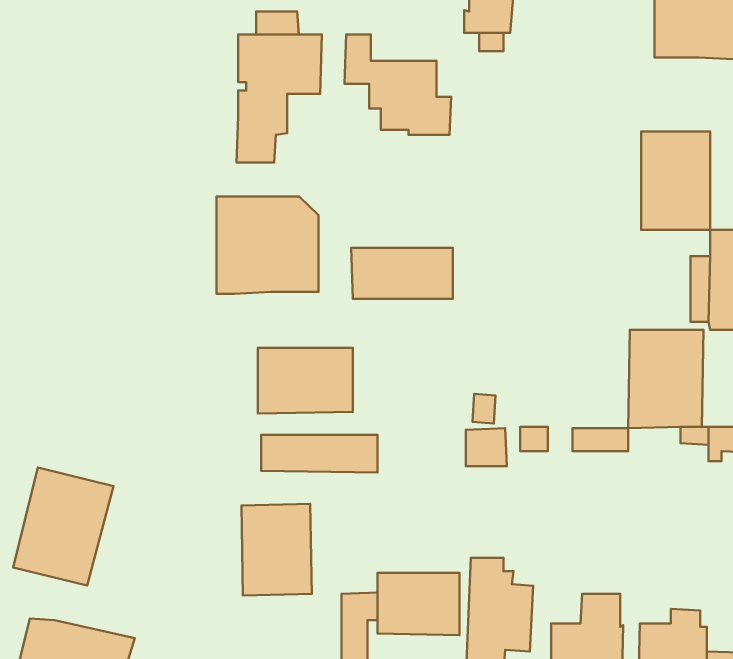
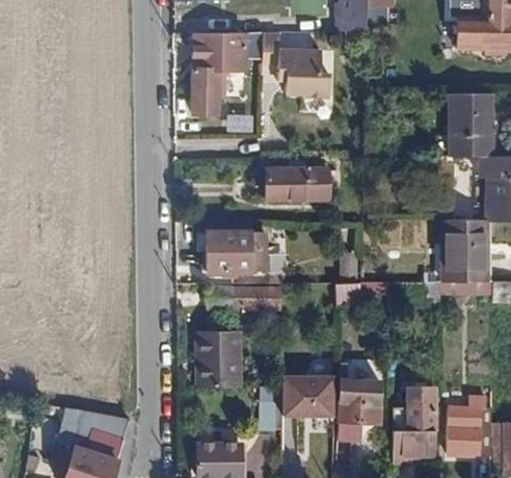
building: [216,197,319,294] -> none
building: [13,468,113,586] -> none

